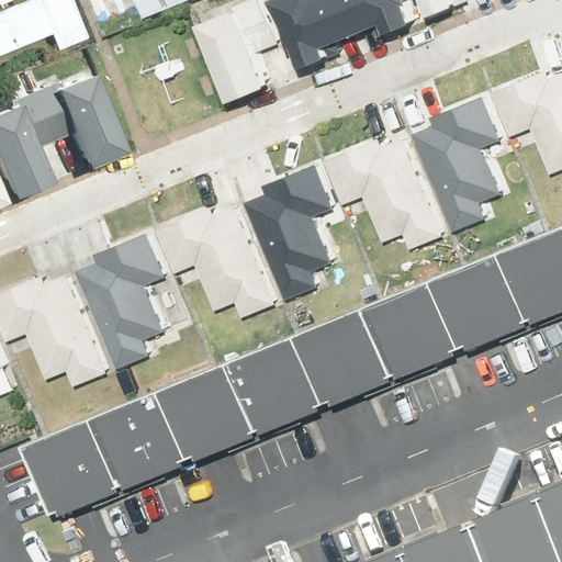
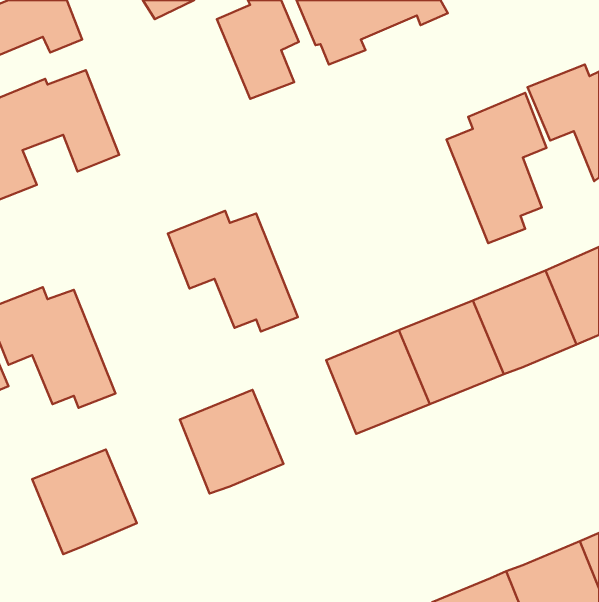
building: [322,128,441,240] -> none
building: [243,160,335,297] -> none
building: [75,227,167,364] -> none
building: [233,338,328,434] -> none
building: [98,393,193,488] -> none

